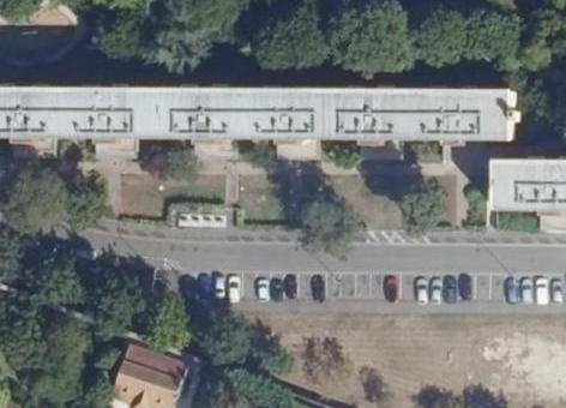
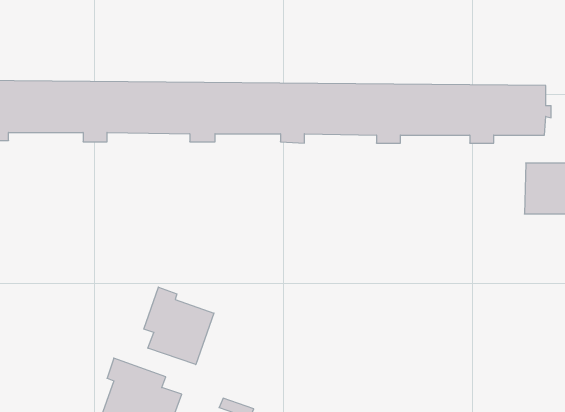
building: none -> [144,287,214,365]

